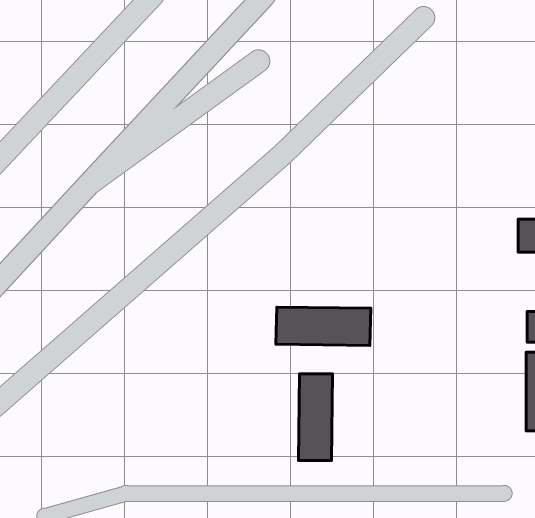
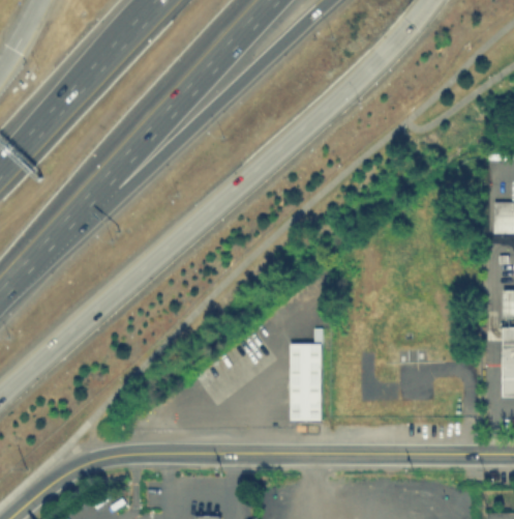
building: [276,307,371,346] -> none

